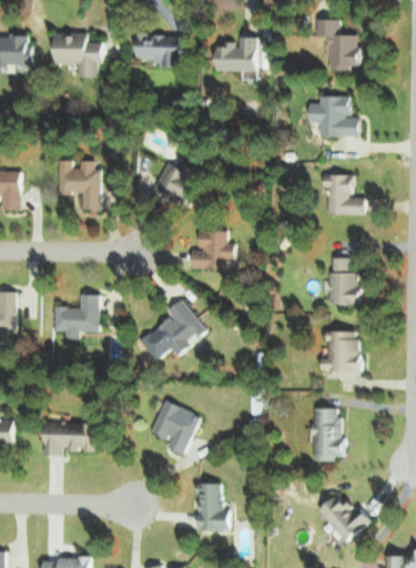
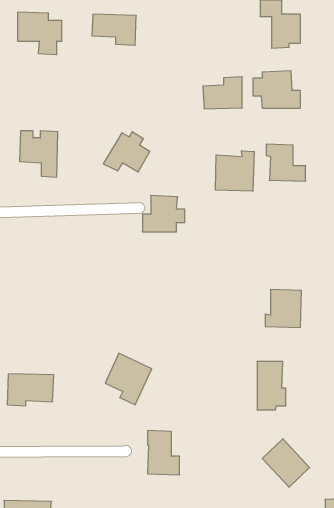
building: [215,36,257,70] -> [203,77,242,109]
building: none -> [215,151,254,191]
building: [328,257,362,304] -> none
building: [54,294,99,338] -> none
building: [139,300,204,361] -> none

